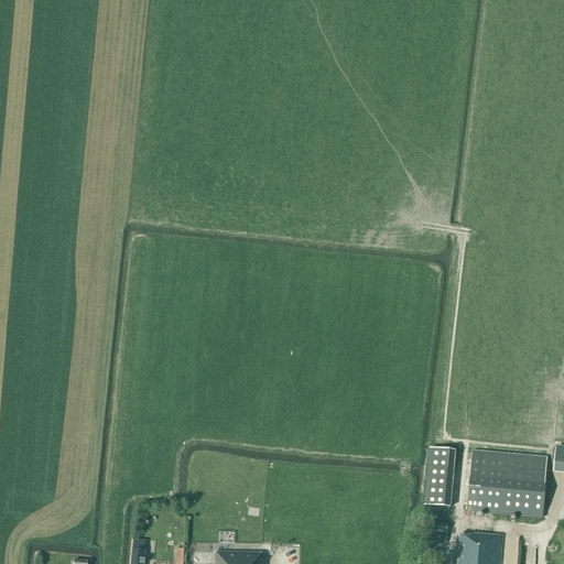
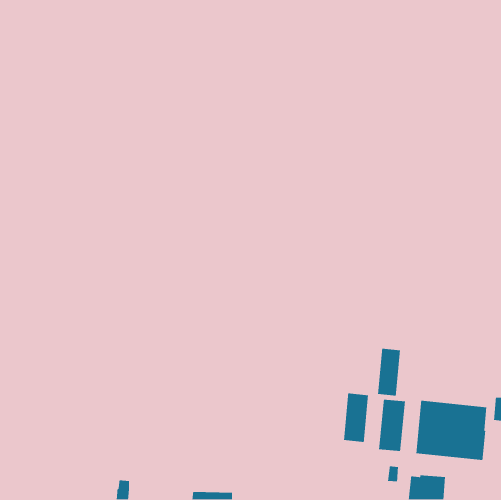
building: none -> [377,348,401,396]
building: none -> [343,393,369,443]

